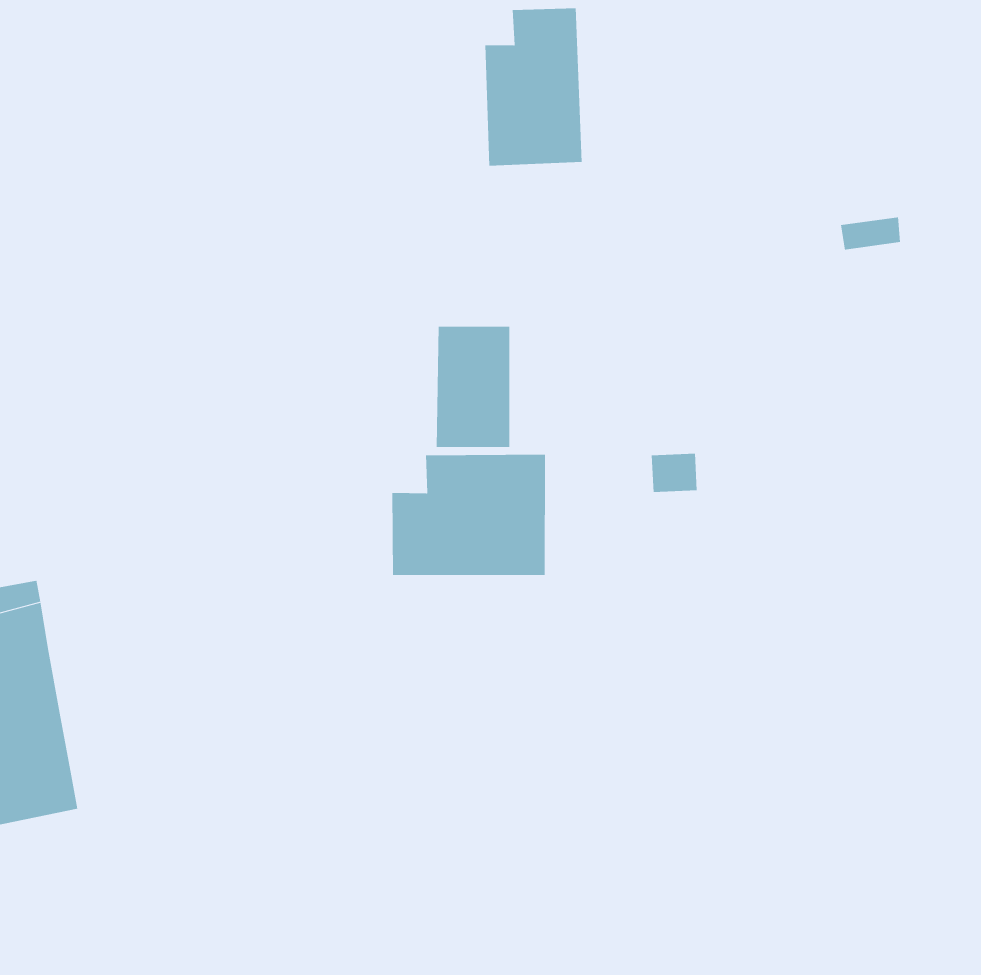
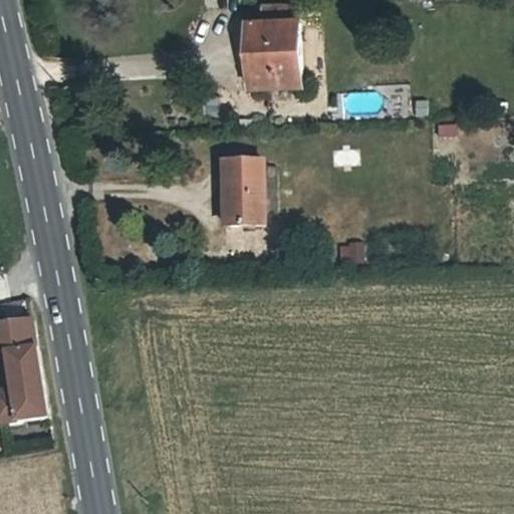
building: [392,454,545,576] -> none

